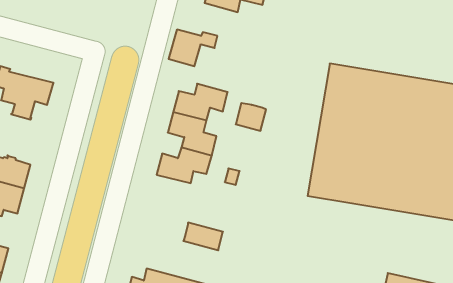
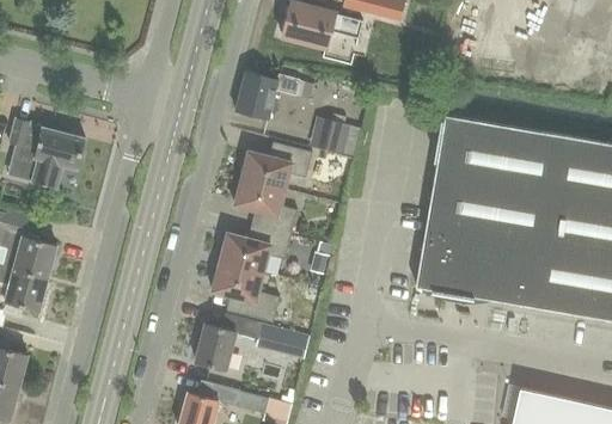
building: [236,103,266,131] -> [310,118,349,154]
building: none -> [212,260,280,322]
building: none -> [195,315,261,370]

